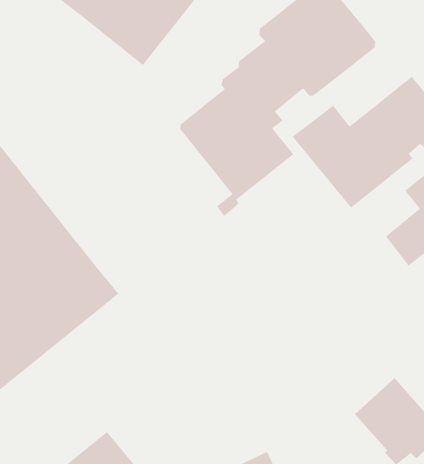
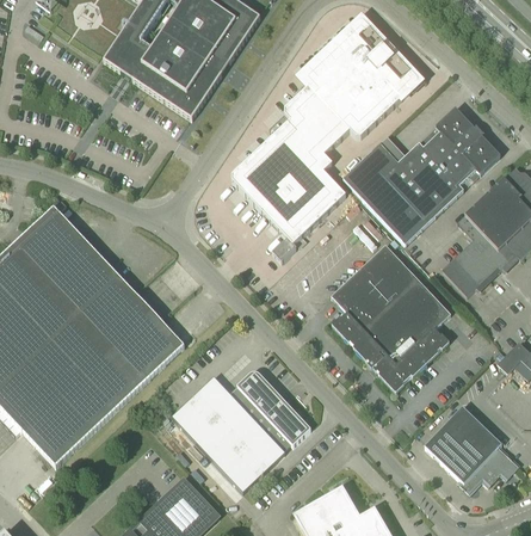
building: none -> [331,242,451,389]
building: none -> [172,371,310,491]

